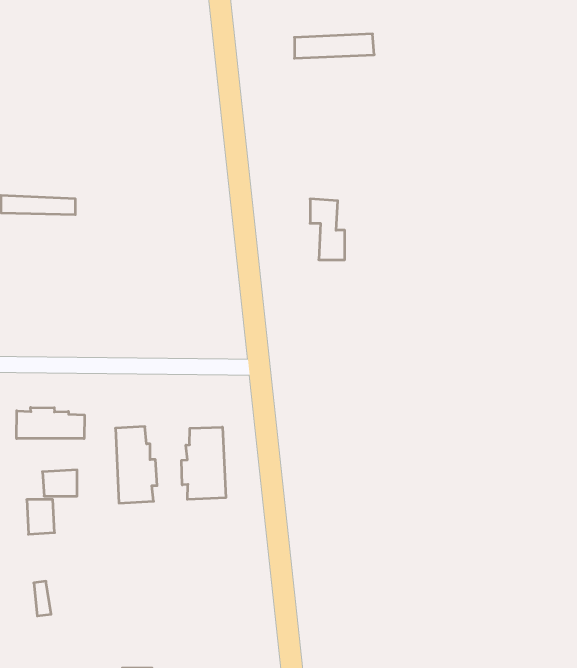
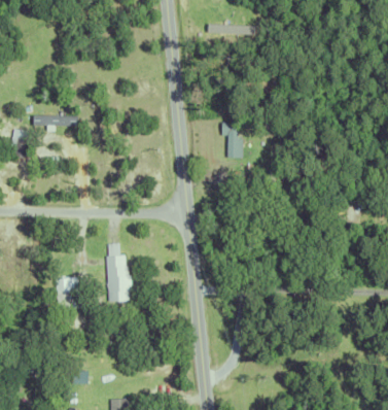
building: [17,407,84,439] -> none
building: [182,427,226,499] -> none

